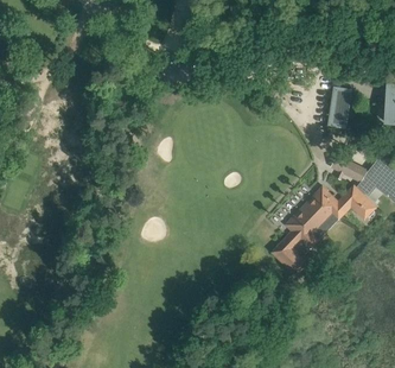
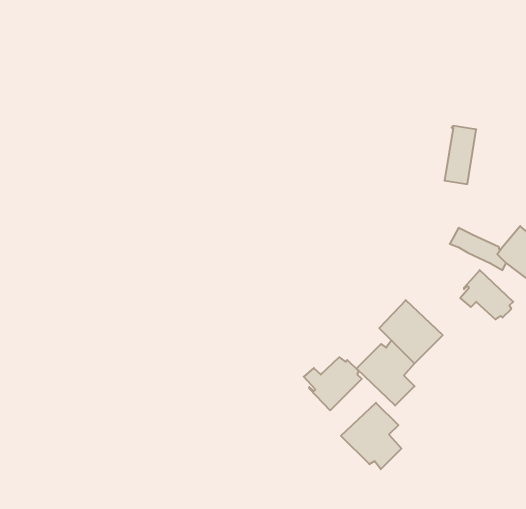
building: [302,186,346,229] -> none
building: none -> [304,357,362,410]
building: none -> [341,403,401,469]

